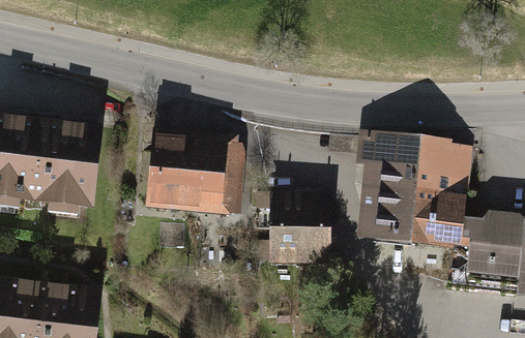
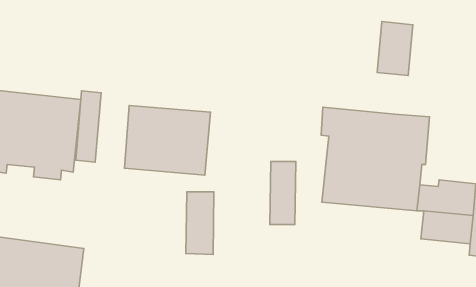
building: none -> [377,22,413,76]
building: none -> [76,91,101,162]
building: [272,193,302,260] -> [186,192,214,255]

